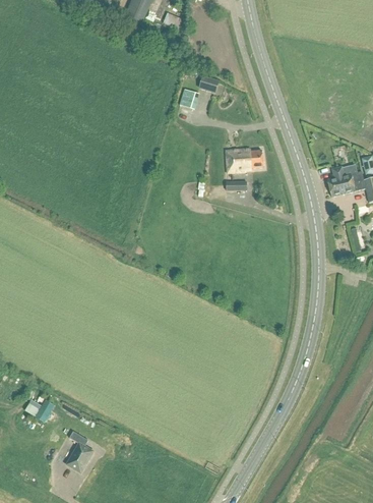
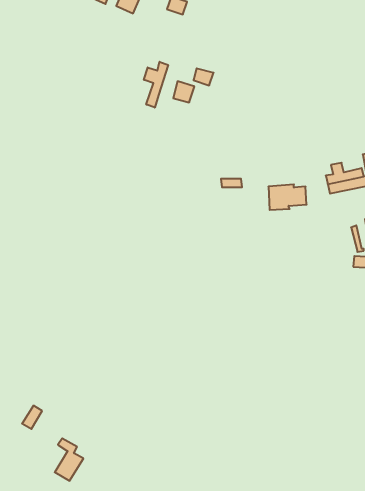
building: none -> [144,62,168,108]
building: [225,147,261,171] -> [268,184,307,210]

